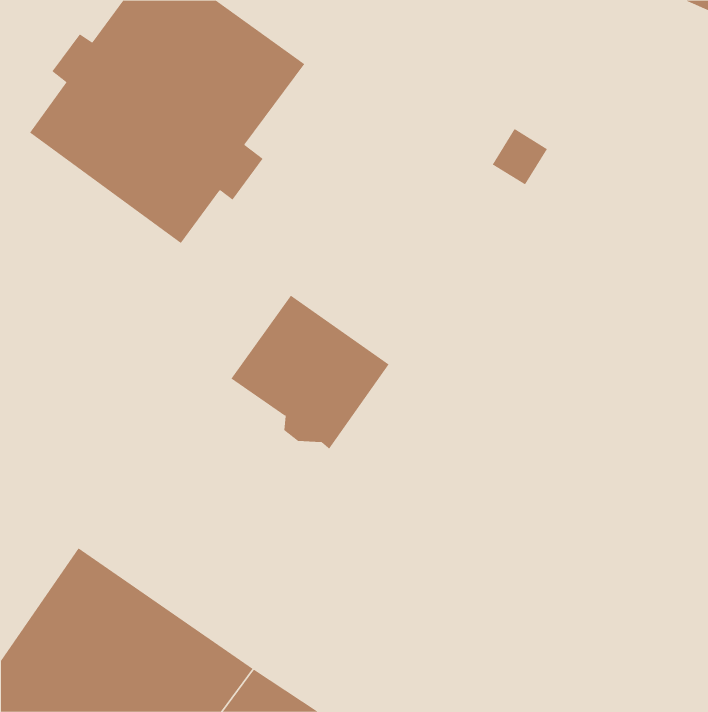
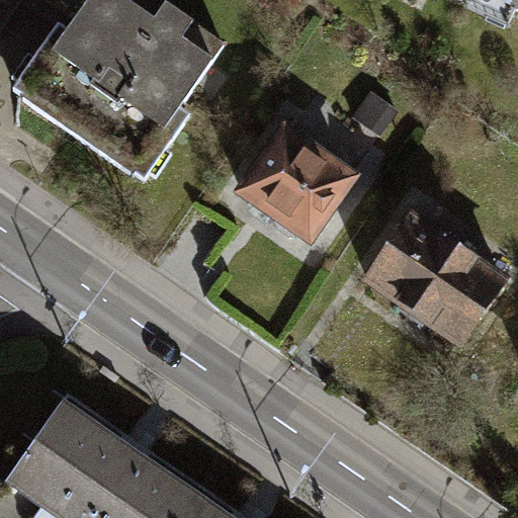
building: [231,295,390,450] -> [239,128,354,241]
building: none -> [370,218,506,343]

